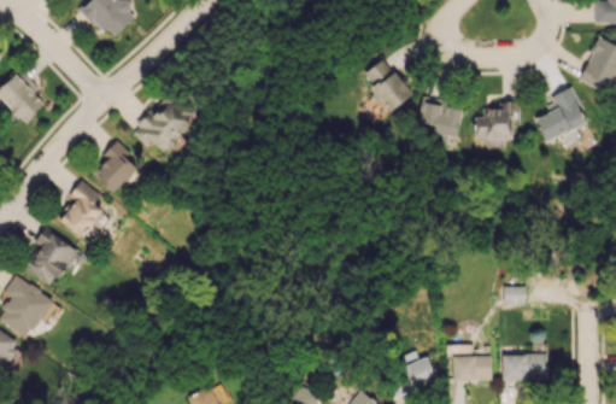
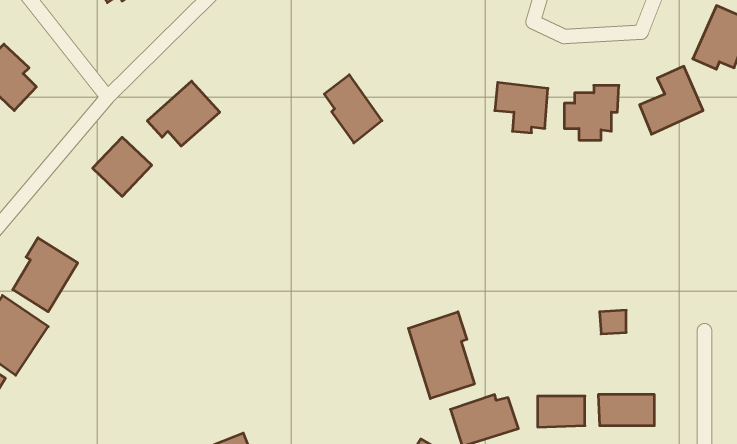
building: [365,58,412,113] -> [324,75,382,143]
building: [58,191,104,238] -> none
building: none -> [408,312,474,399]

